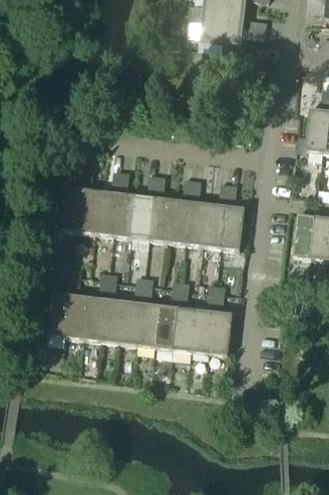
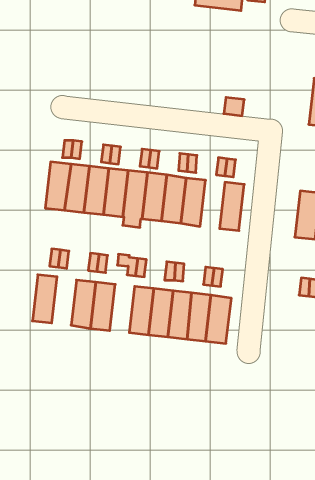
building: [204,202,227,248] -> none
building: [65,293,88,338] -> none
building: [119,300,142,345] -> none

